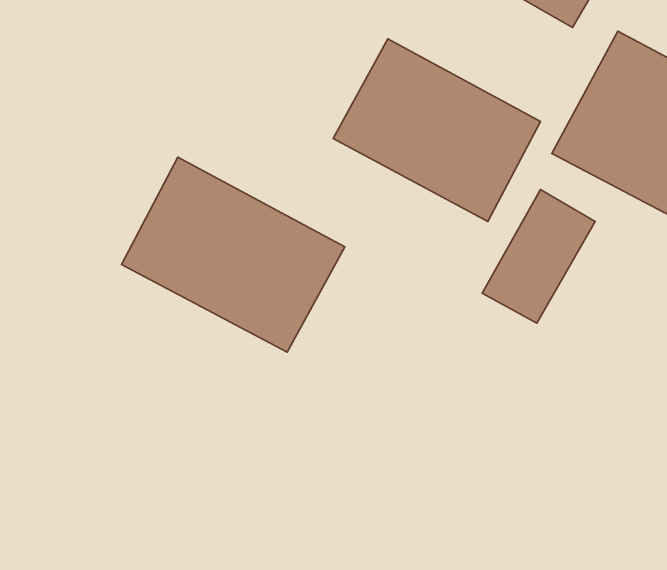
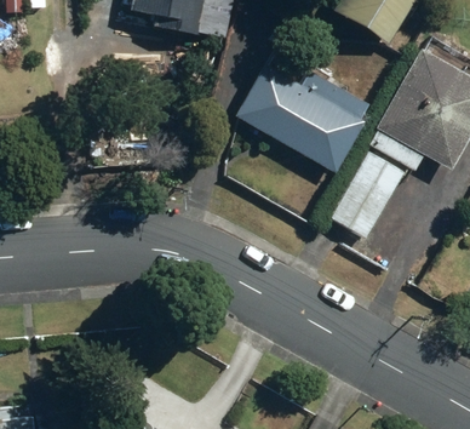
building: [121,157,345,352] -> none

